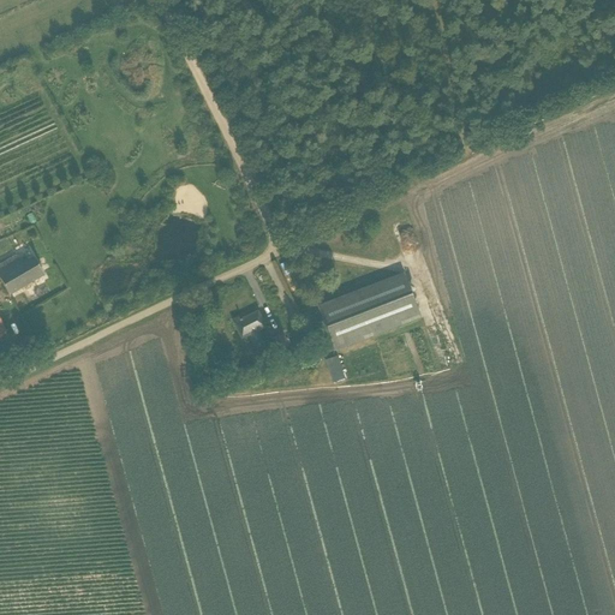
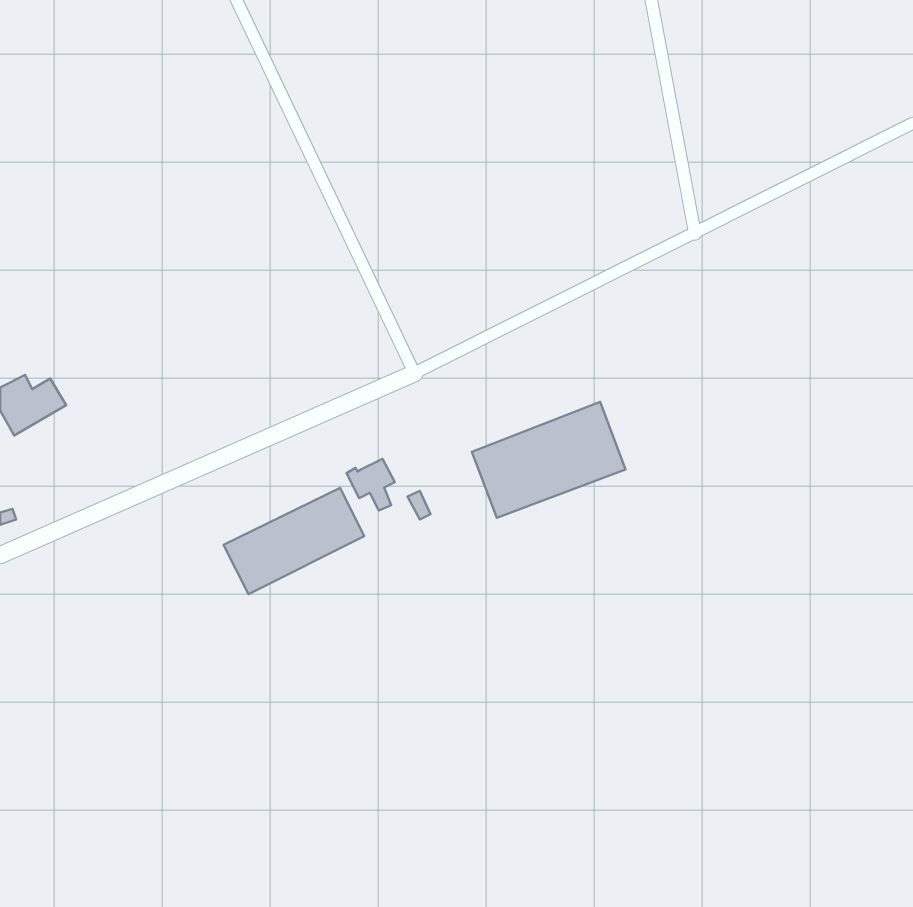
building: none -> [223,488,364,594]

